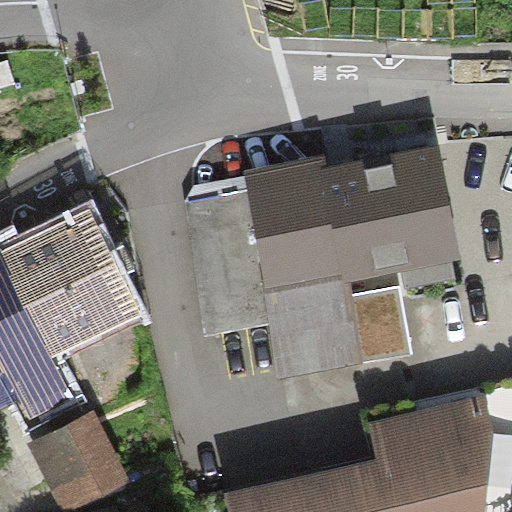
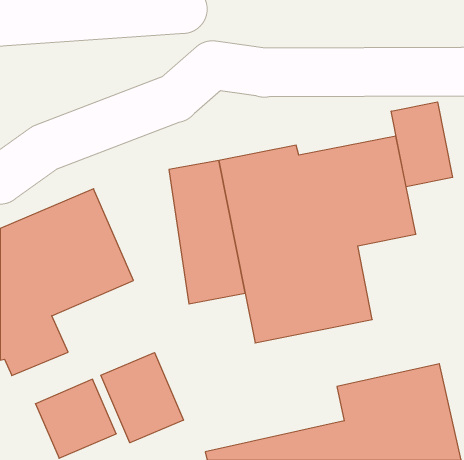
building: none -> [391,102,453,187]
building: none -> [101,353,183,443]

